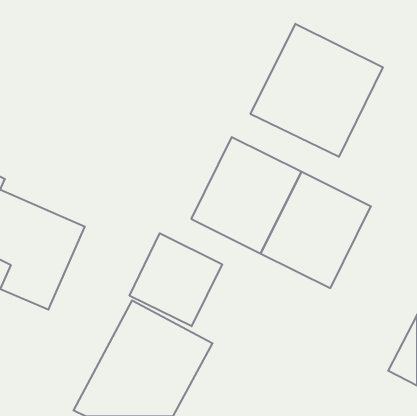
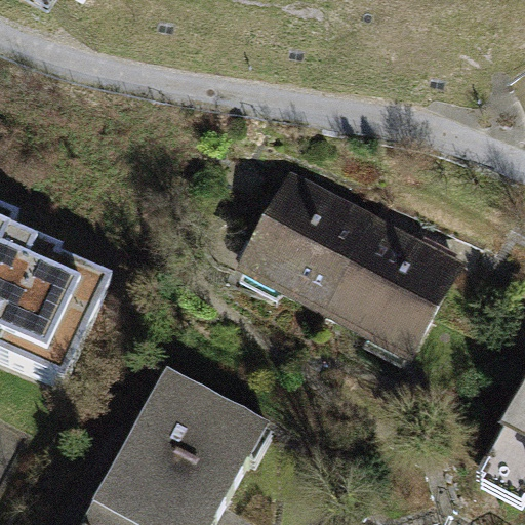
building: [251,24,383,157] -> none
building: [130,233,222,326] -> none

